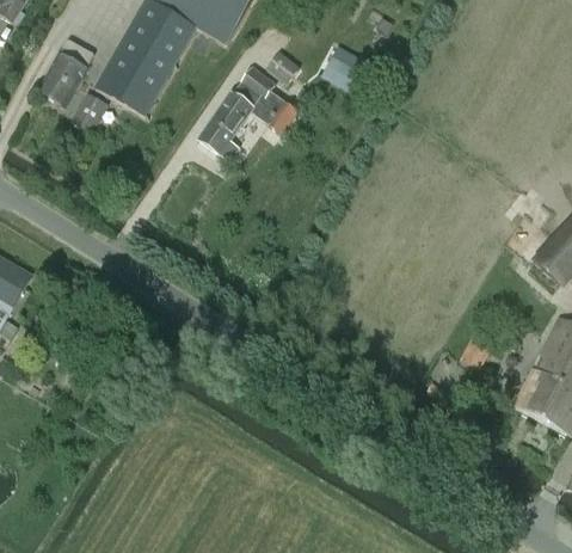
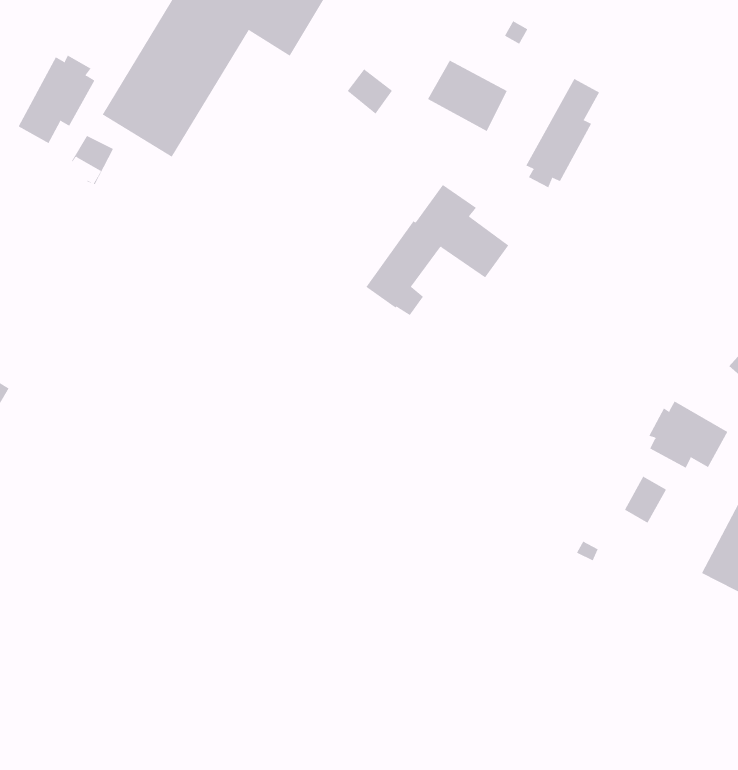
building: none -> [525,78,600,188]
building: [197,67,297,159] -> [366,184,509,316]
building: none -> [648,400,728,469]

